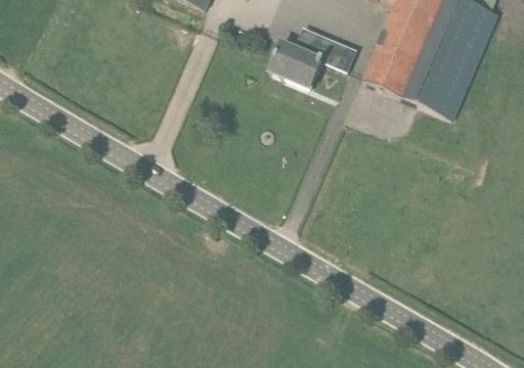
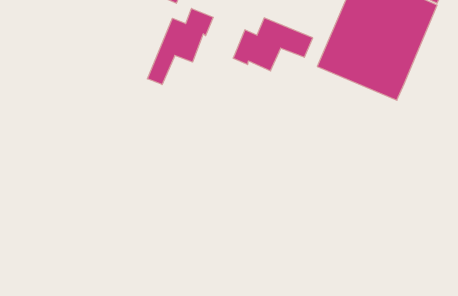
building: none -> [147,8,213,85]

